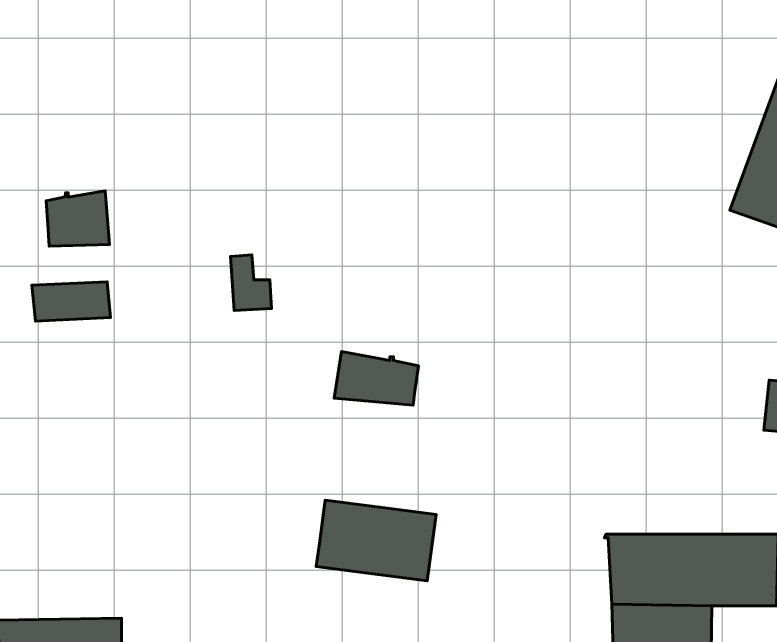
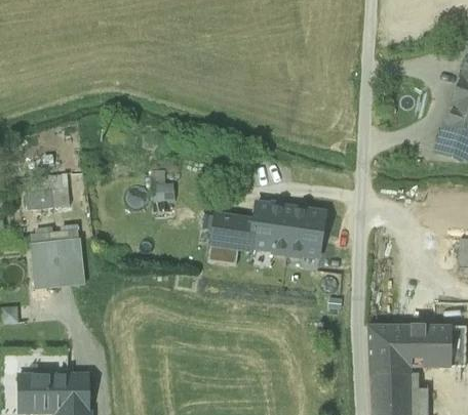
building: [46,191,109,246] -> none
building: none -> [31,240,84,289]
building: [316,500,436,581] -> [258,206,326,252]

